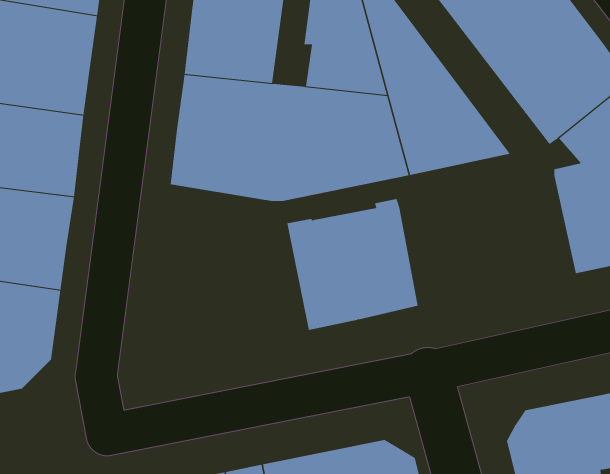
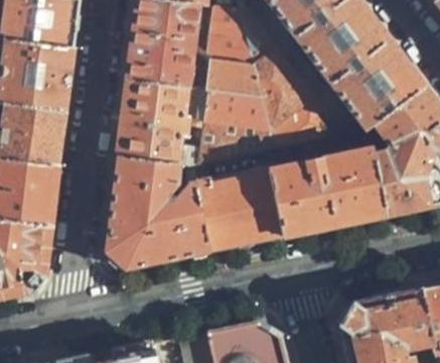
building: none -> [271,148,386,234]
building: none -> [107,154,210,267]

